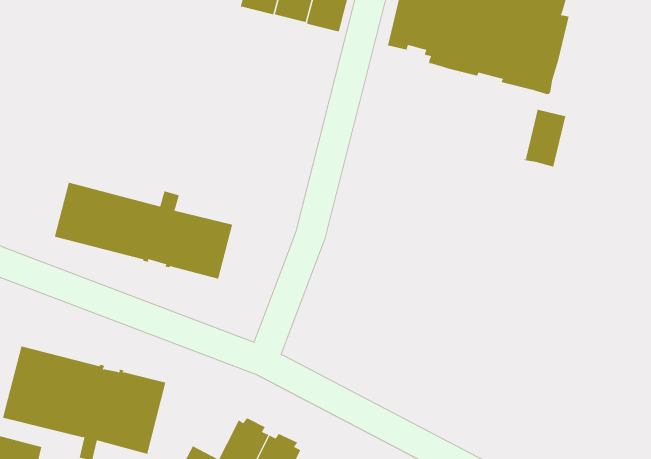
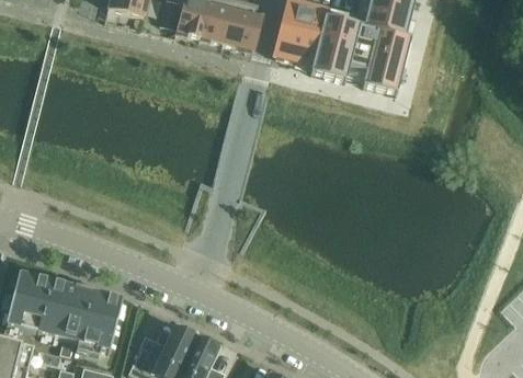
building: [523,107,566,168] -> none
building: [54,182,233,279] -> none

